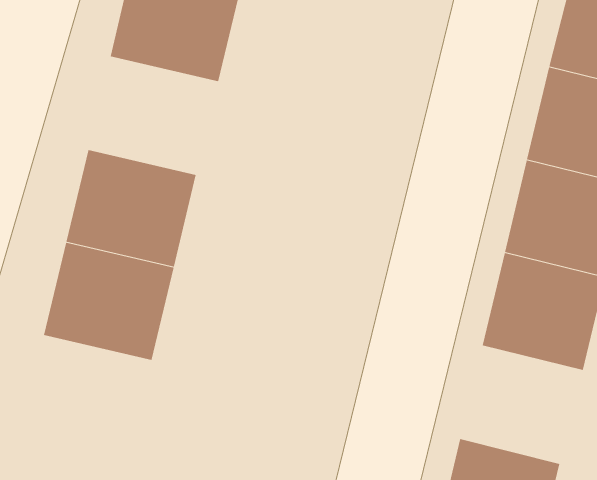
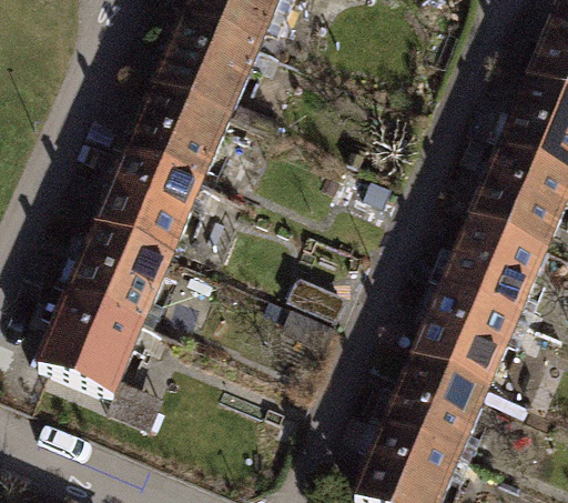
building: none -> [129,78,240,181]
building: none -> [42,288,153,392]
building: none -> [384,350,489,452]

